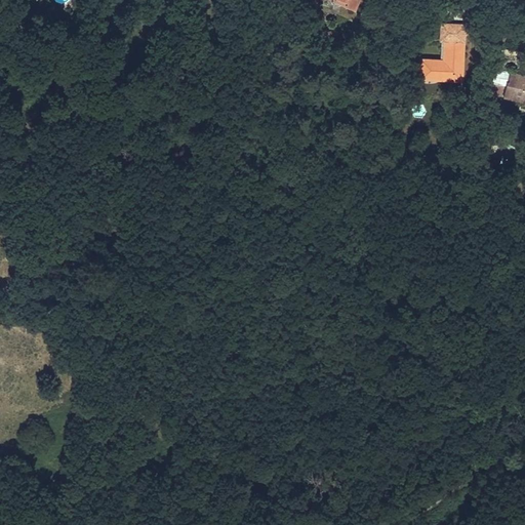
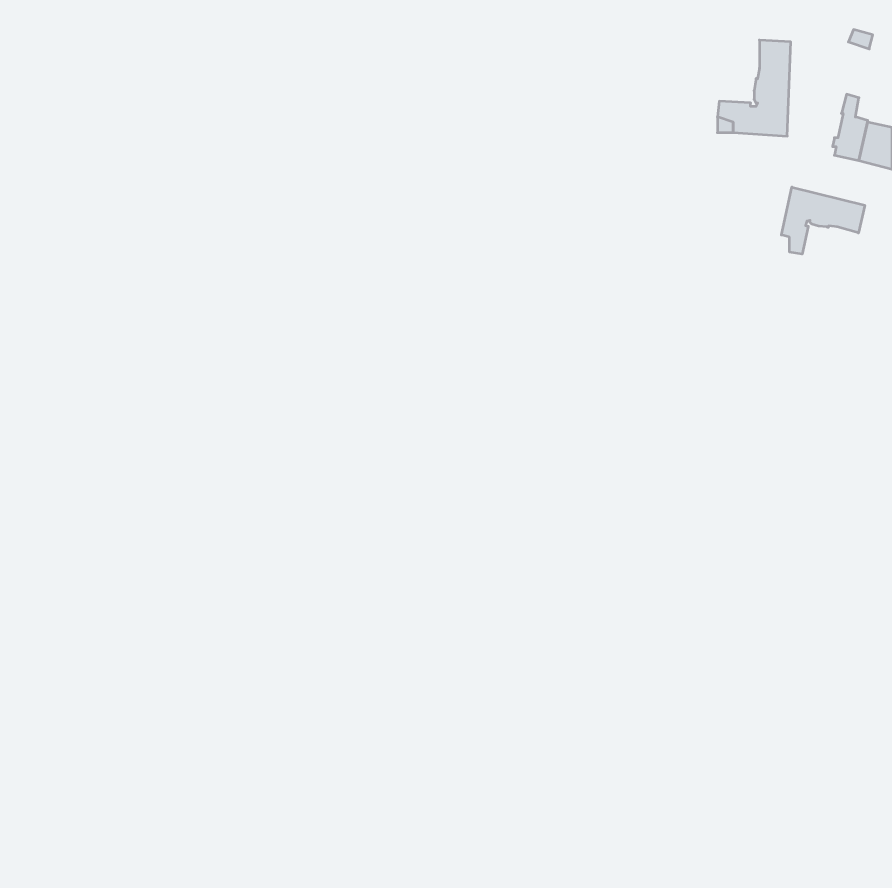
building: none -> [781,187,865,254]

